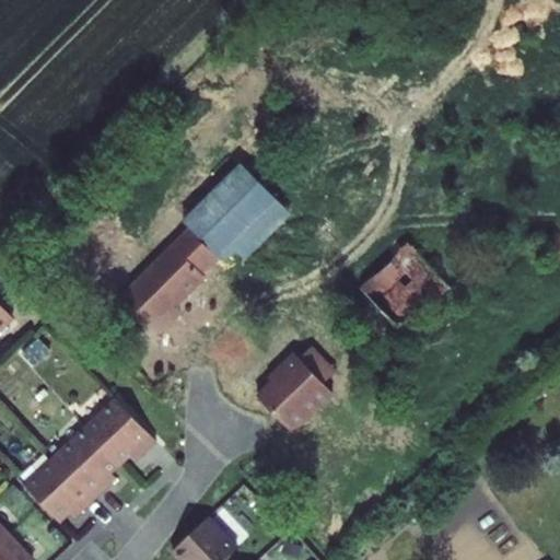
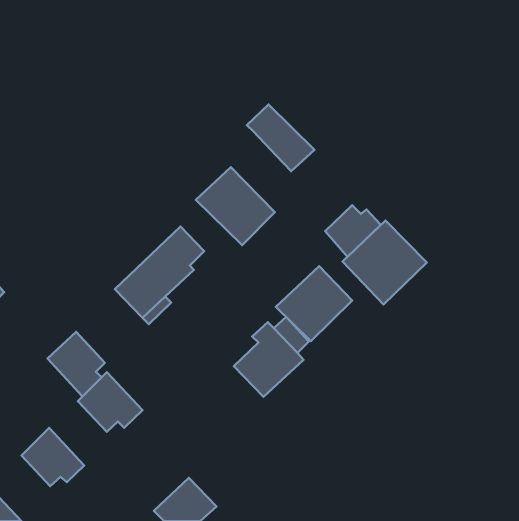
building: [186,213,258,284] -> [247,105,315,171]
building: none -> [325,205,381,257]
building: none -> [276,266,352,341]
building: [52,428,114,497] -> [48,332,105,397]

